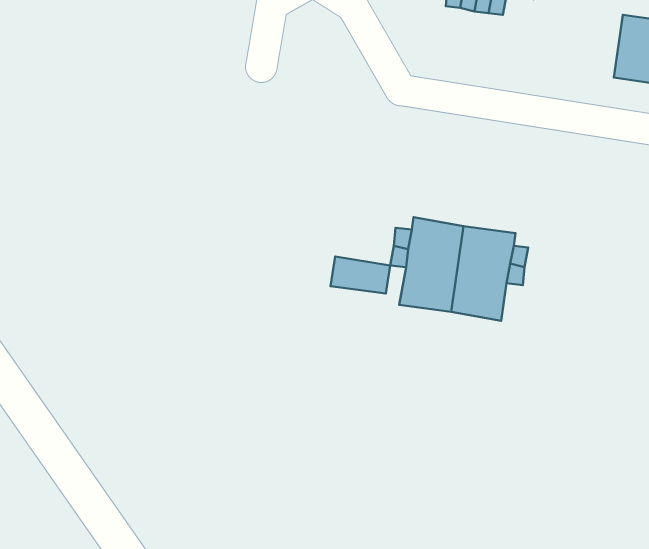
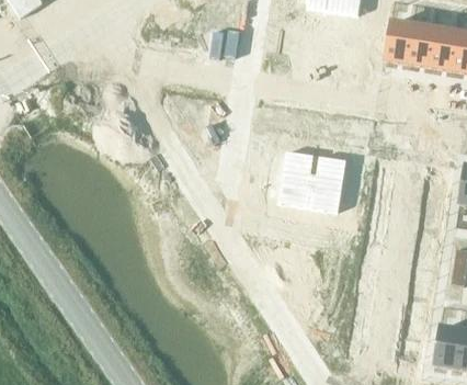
building: none -> [385,21,413,63]
building: [331,256,390,294] -> none

